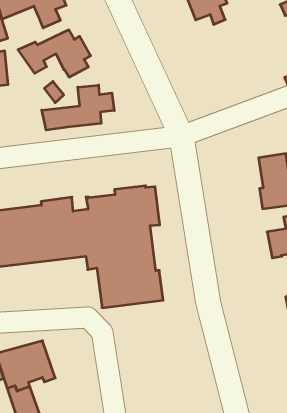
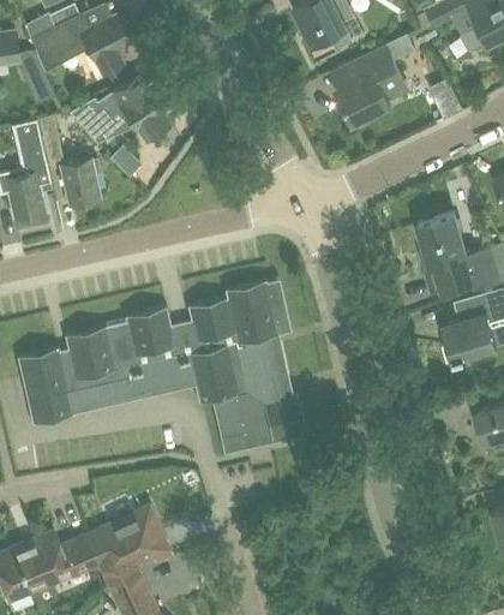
building: none -> [334,34,413,123]
building: [42,85,114,130] -> none
building: none -> [60,160,100,207]

